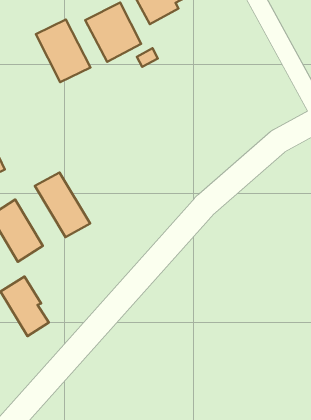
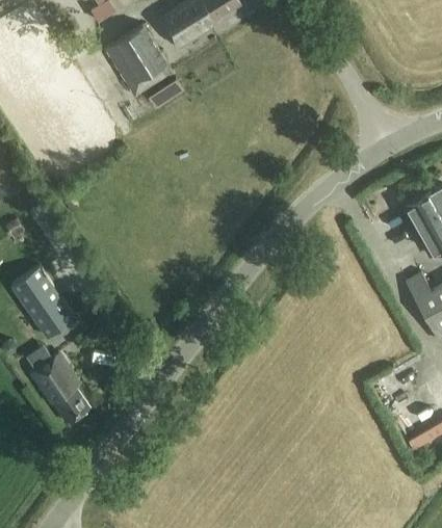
building: [36,20,90,82] -> none
building: [35,172,90,237] -> none

